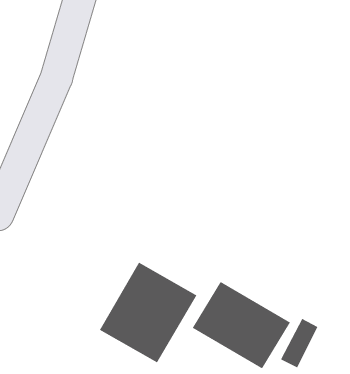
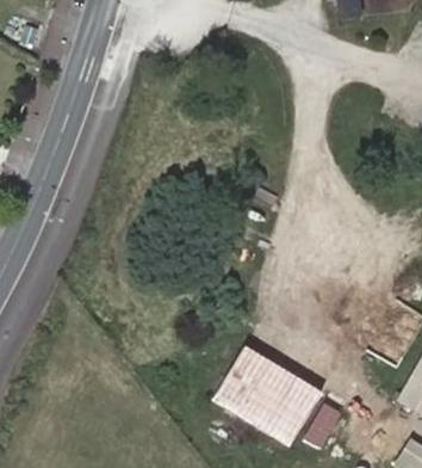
building: [99,262,197,363] -> none

